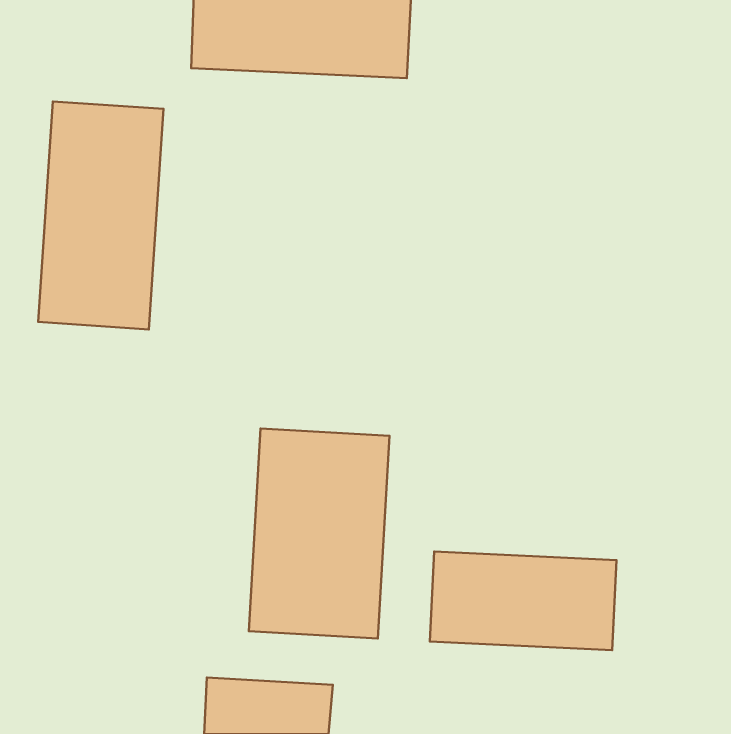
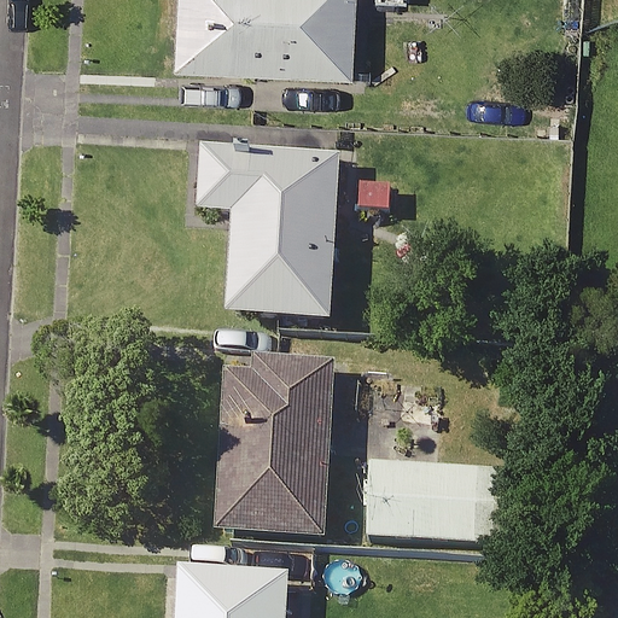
building: [38,101,164,329] -> none
building: none -> [197,145,339,317]

